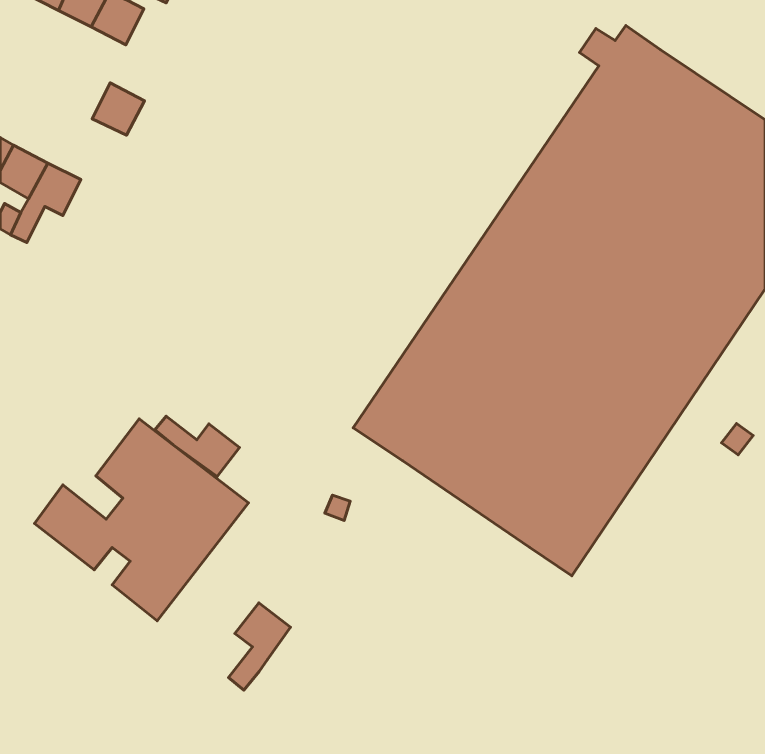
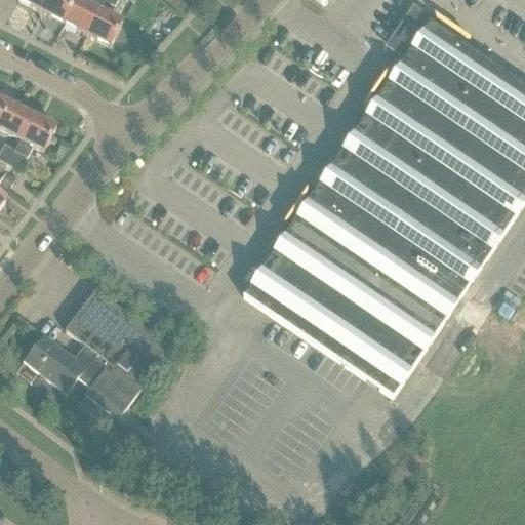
building: [92,83,145,135] -> [86,6,122,42]
building: [155,416,239,476] -> none
building: [229,603,291,690] -> none

